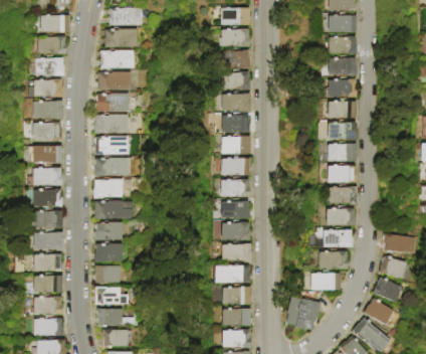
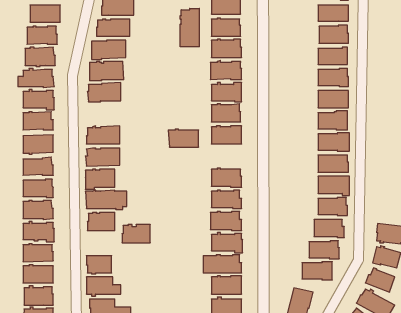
building: none -> [180,8,199,47]
building: [95,115,129,134] -> none
building: [219,157,249,175] -> [168,129,199,147]
building: [95,243,124,261] -> [122,225,150,243]

